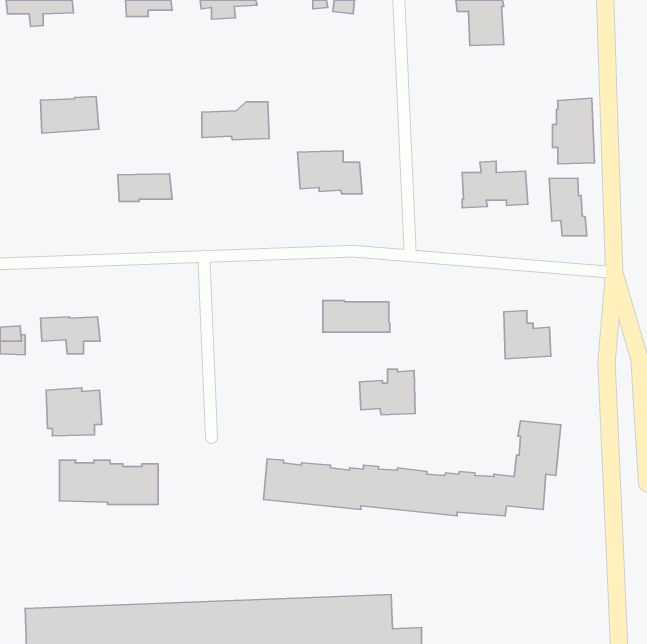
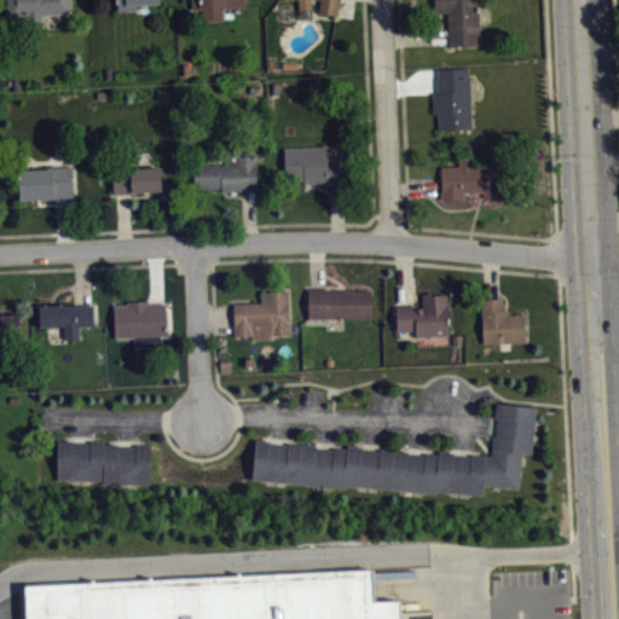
building: [40,96,99,133] -> [18,168,74,203]
building: [553,98,594,164] -> [433,69,473,132]
building: [202,102,269,140] -> [193,157,258,193]
building: [549,178,587,236] -> none
building: none -> [233,293,291,341]
building: [360,369,415,415] -> [395,295,449,339]
building: [46,388,102,436] -> [115,302,168,348]

